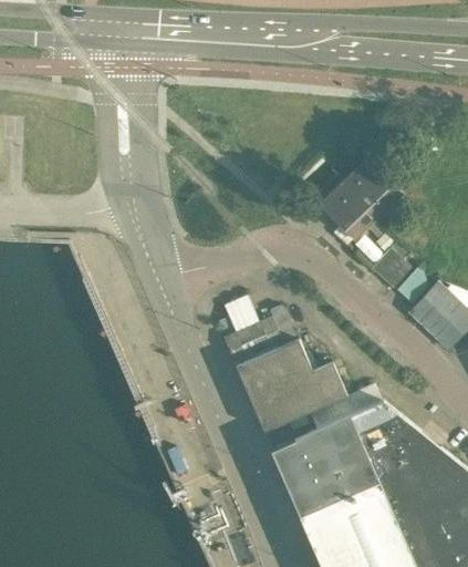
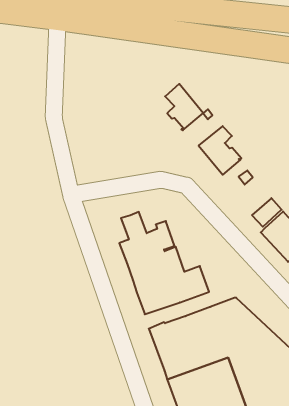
building: [350,158,402,219] -> [165,84,203,130]
building: [372,243,410,289] -> none
building: [309,385,381,431] -> none

